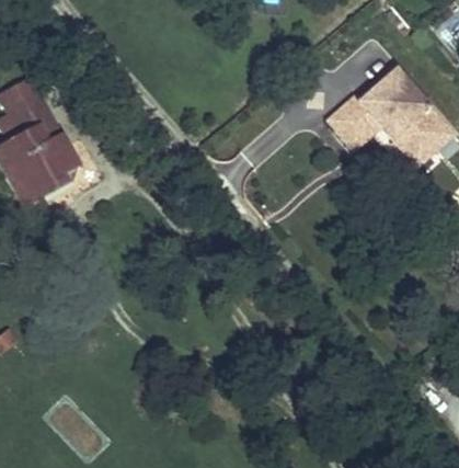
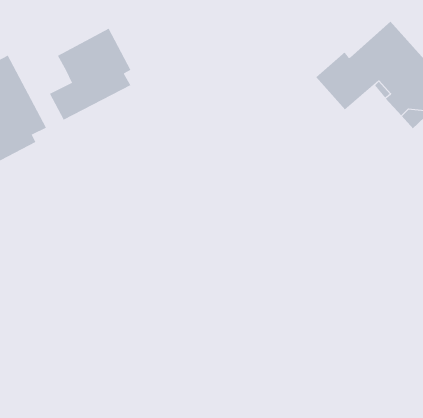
building: none -> [49,28,131,120]

